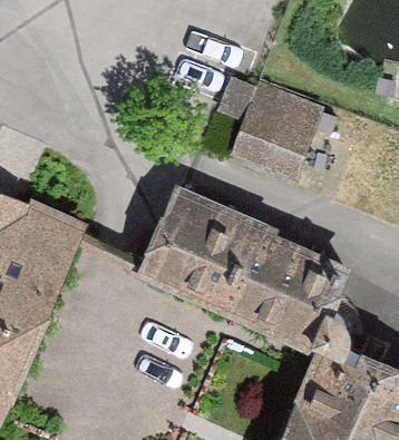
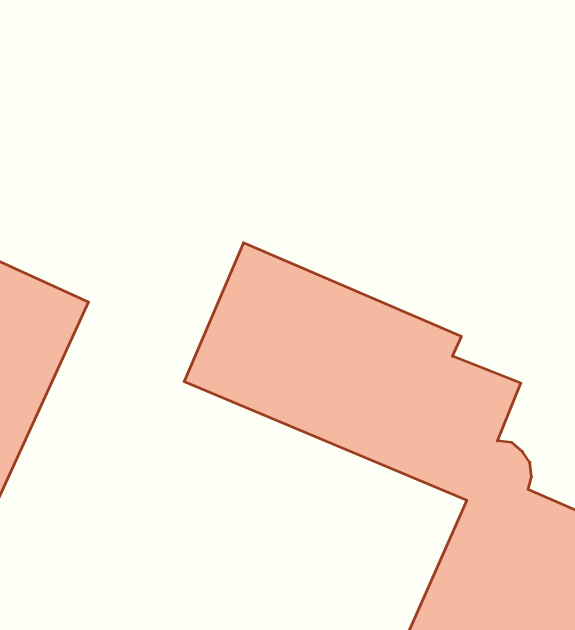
building: [226,92,324,192] -> none

